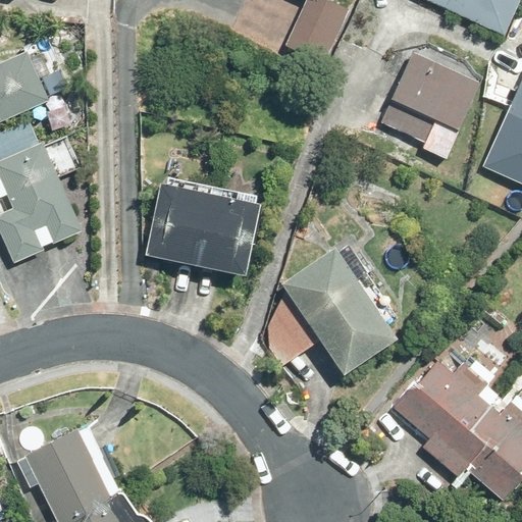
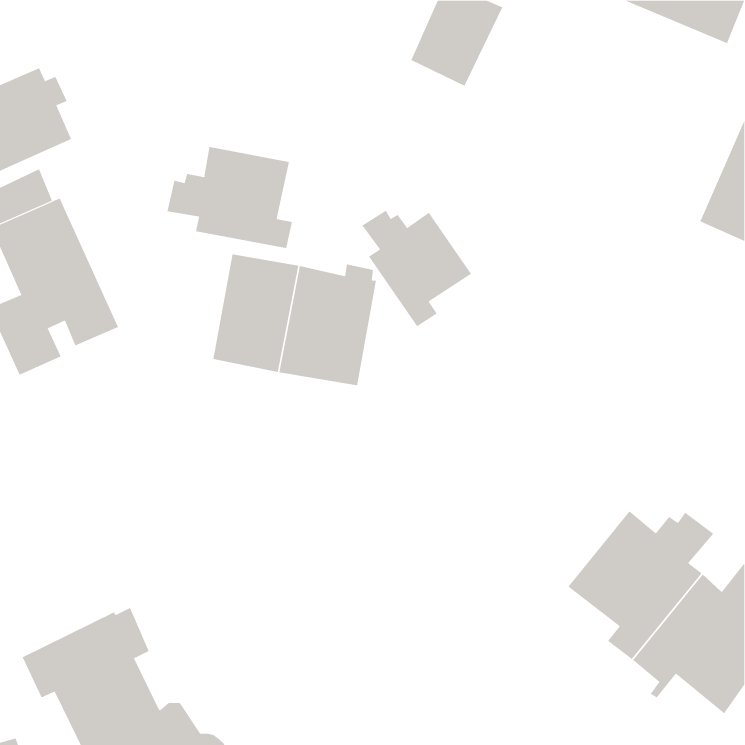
building: [380,51,481,160] -> none
building: none -> [167,146,293,249]
building: none -> [362,210,472,327]
building: [268,241,402,373] -> none

